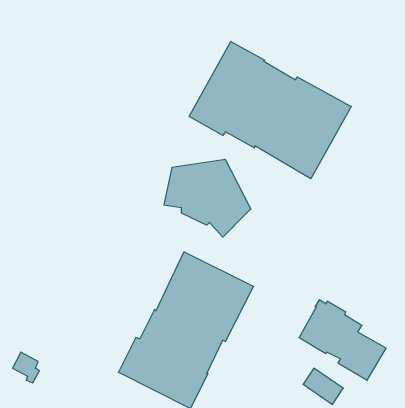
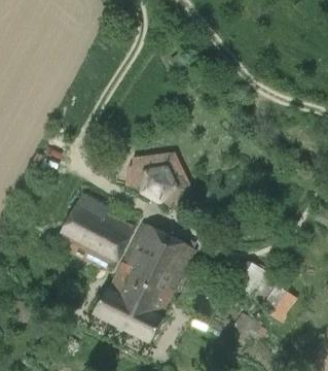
building: [189,41,351,179] -> none
building: none -> [57,193,133,266]

